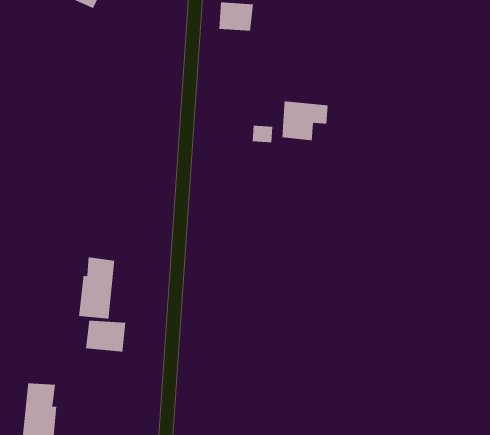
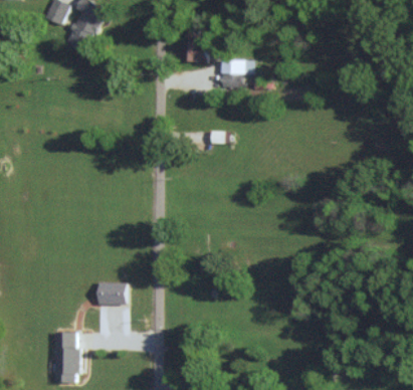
building: [282,101,328,141] -> [221,60,254,88]
building: [78,257,115,319] -> none

